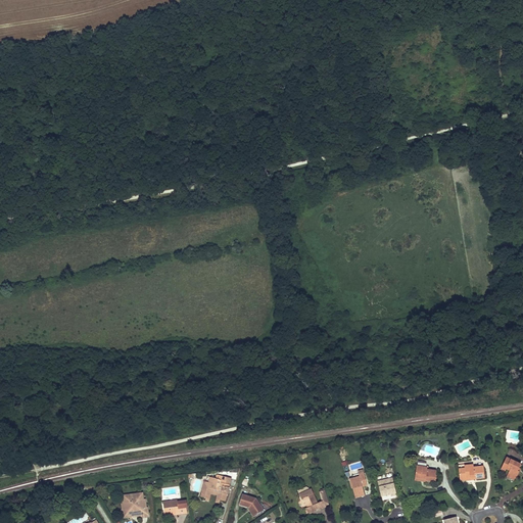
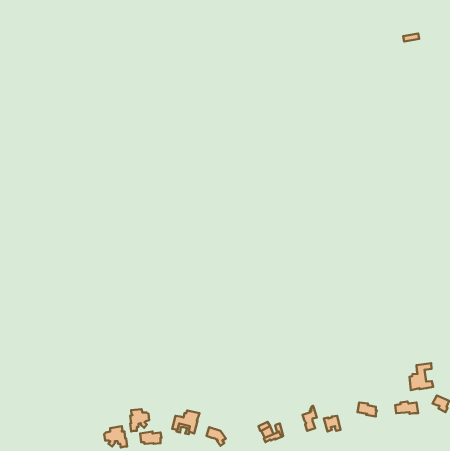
building: none -> [409,363,433,390]
building: none -> [130,409,149,431]

